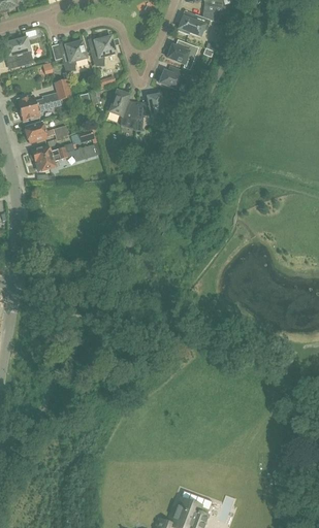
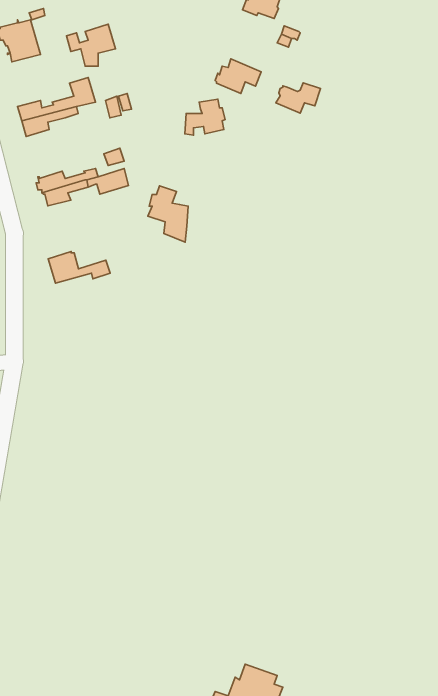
building: [90,34,116,65] -> none
building: [166,41,198,63] -> [276,83,320,113]
building: [108,89,137,129] -> [148,186,188,242]
building: [24,118,68,140] -> [48,252,110,283]

